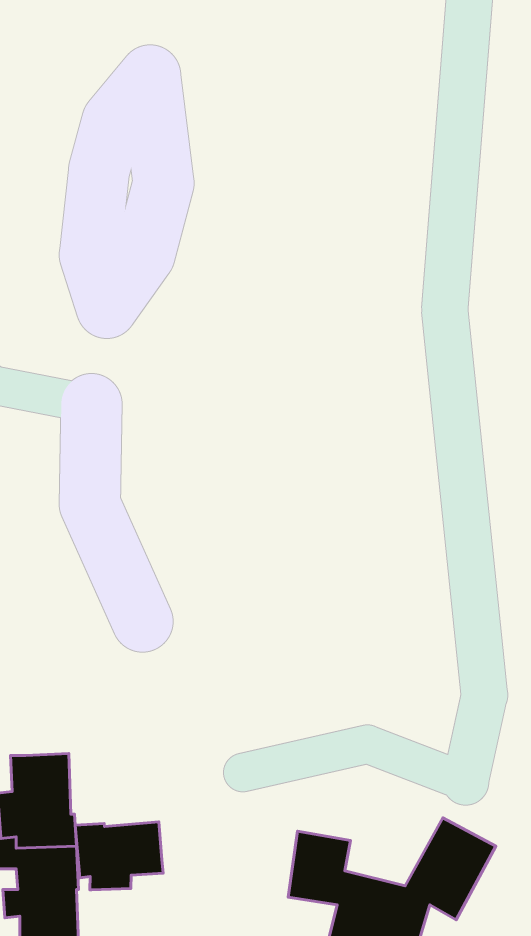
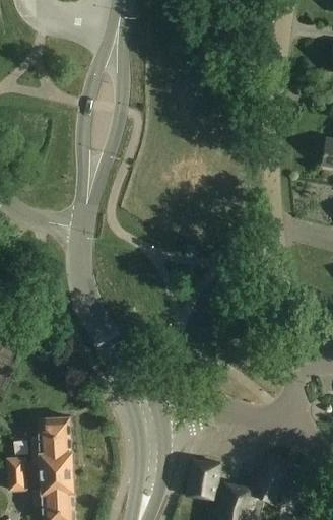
building: [75,822,163,890] -> none

